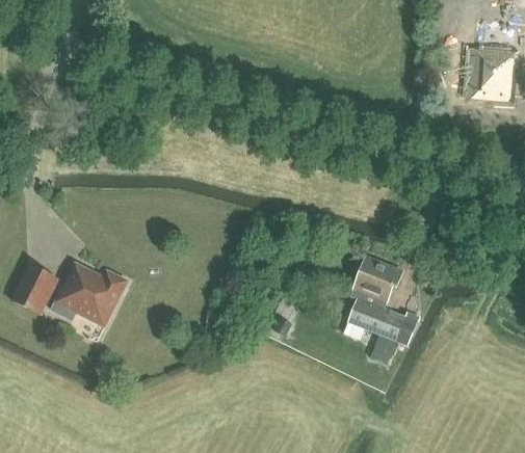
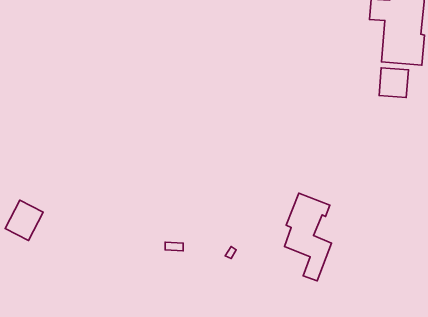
building: none -> [379,68,408,98]
building: [54,263,127,327] -> none

